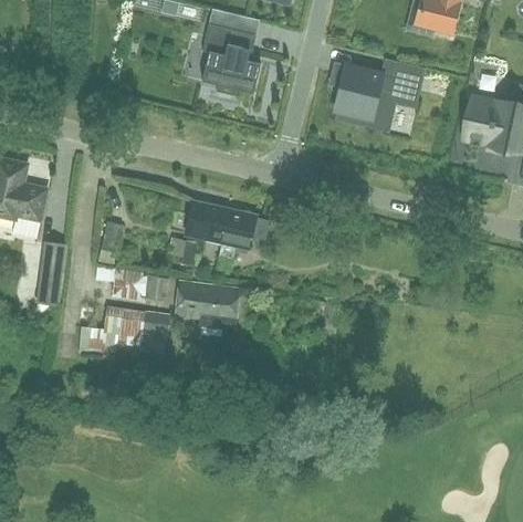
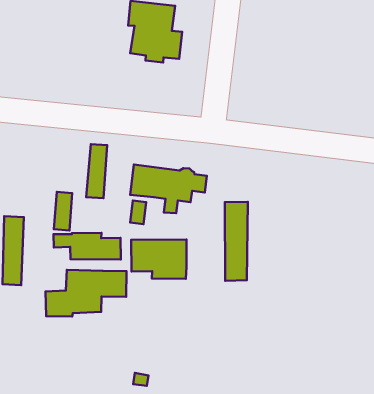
building: [331,61,421,129] -> none
building: none -> [86,144,107,198]
building: none -> [225,202,248,281]

